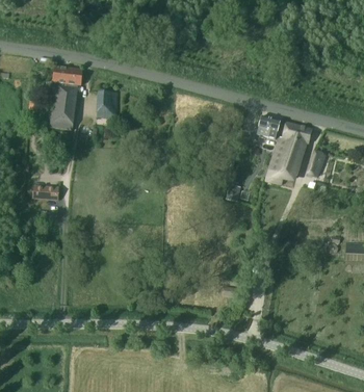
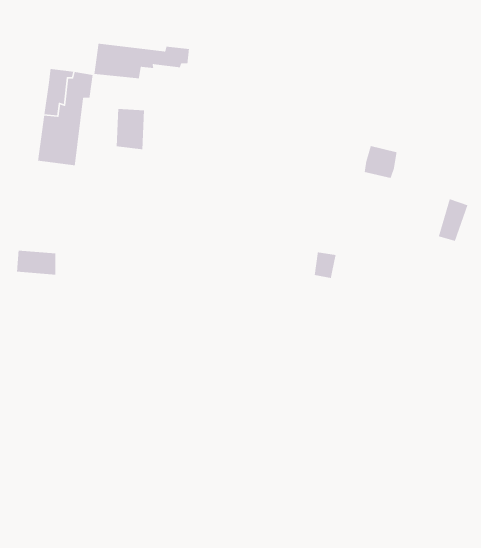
building: none -> [93,43,190,79]
building: [267,122,312,183] -> none

